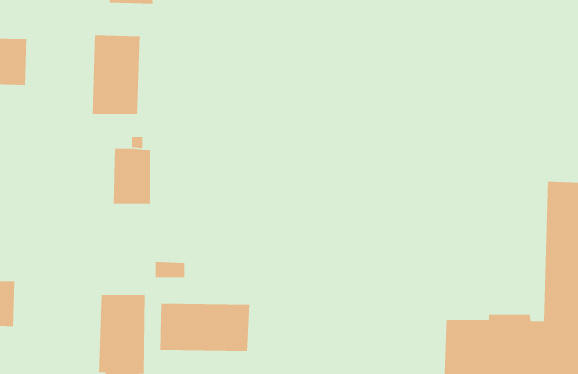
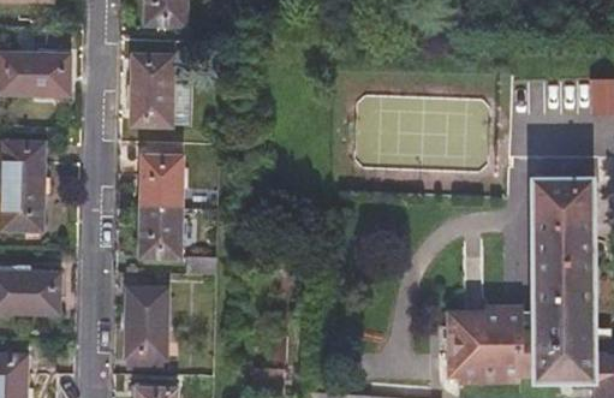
building: none -> [145,204,181,256]
building: [159,303,250,352] -> none

